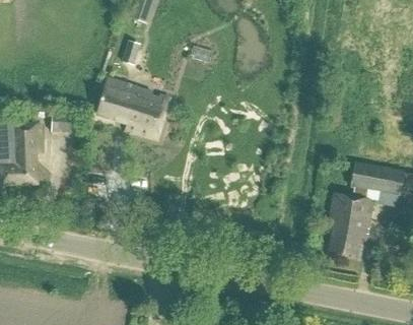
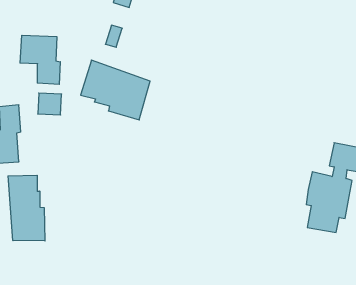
building: none -> [20,35,60,84]
building: none -> [8,175,45,241]

